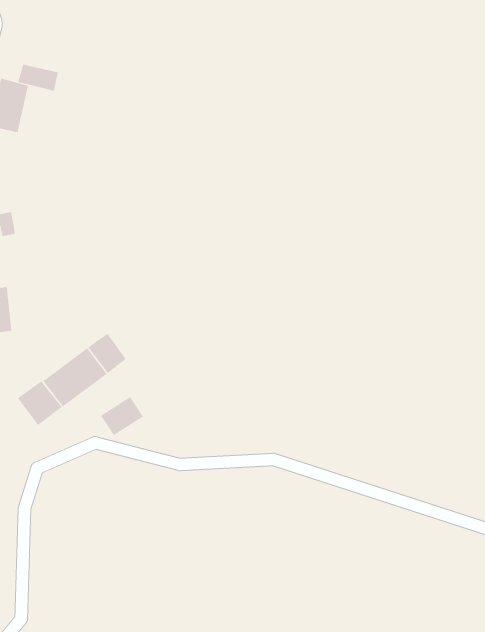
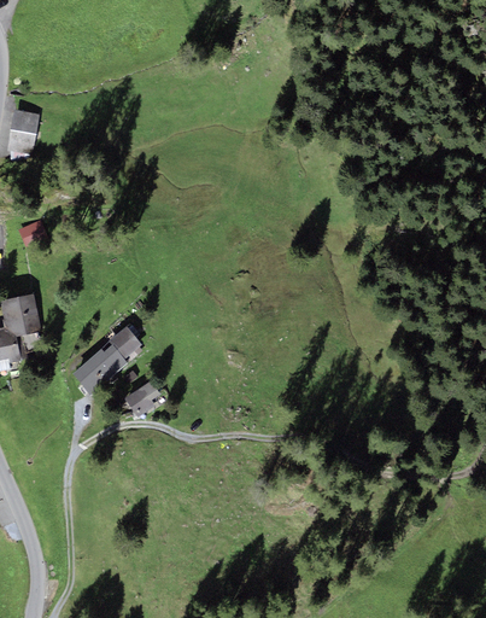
building: [18,64,58,92] -> none
building: [17,381,62,426] -> none

